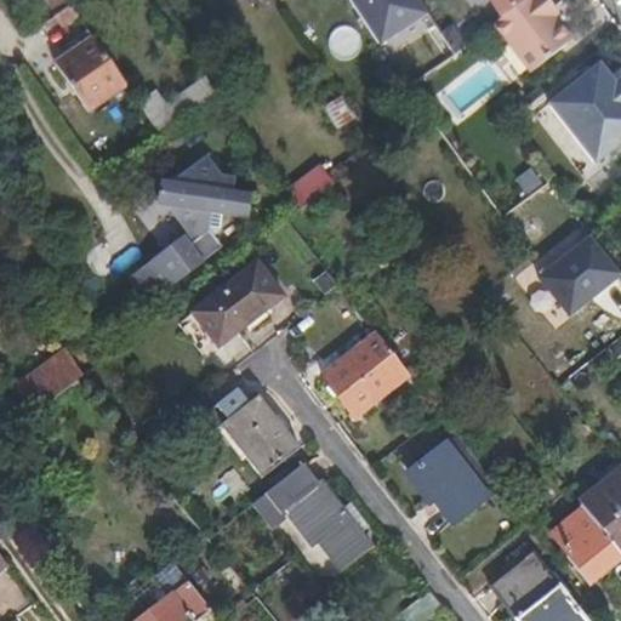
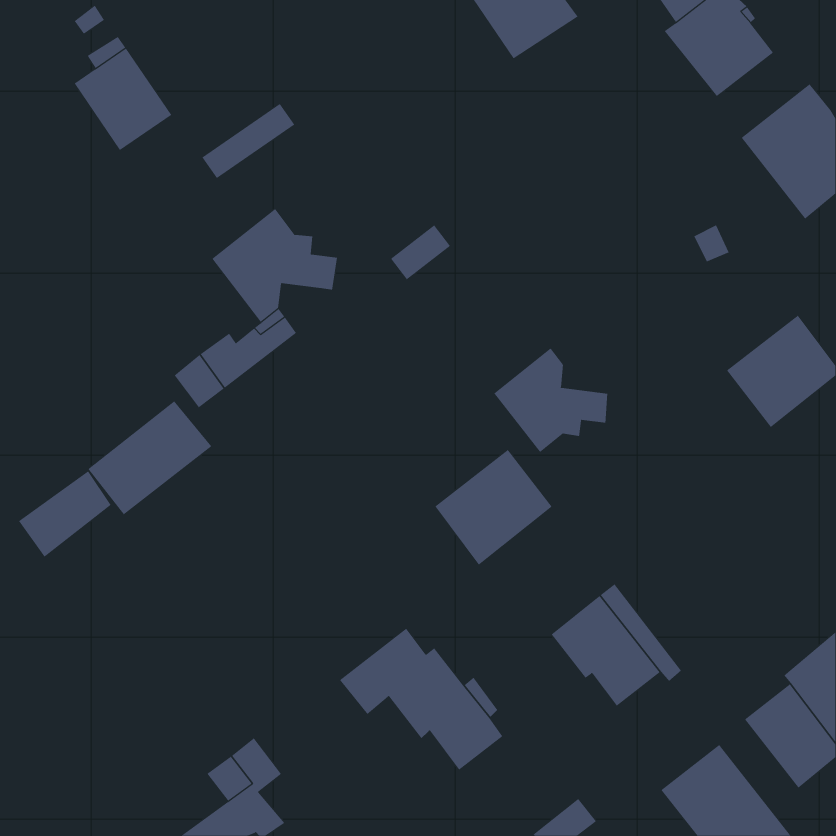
building: none -> [494,347,608,453]
building: [192,261,284,346] -> [88,400,212,515]
building: [204,387,301,478] -> none

